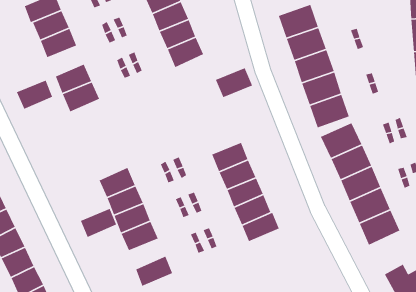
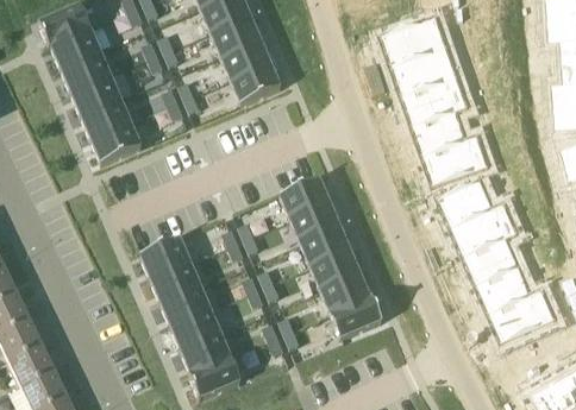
building: [215,67,253,98] -> [280,177,331,219]
building: [16,79,53,110] -> [70,74,120,114]
building: [80,208,117,238] -> [180,332,230,372]

